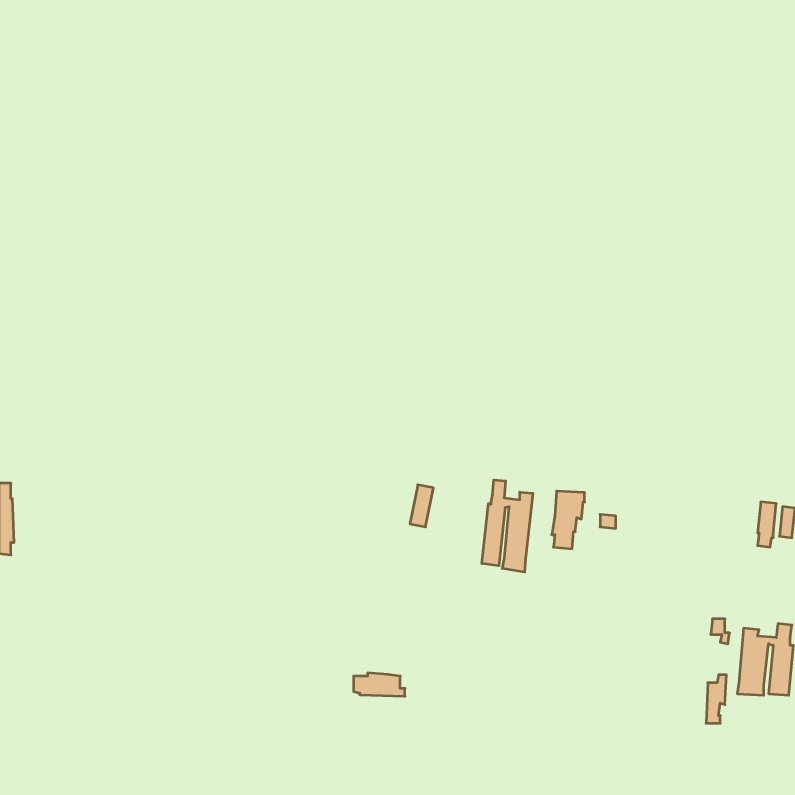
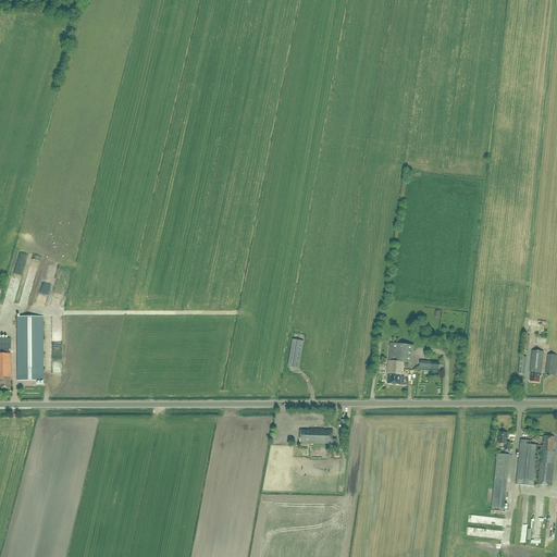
building: none -> [15,315,42,374]
building: [482,480,533,572] -> none
building: [354,673,405,696] -> [299,428,335,444]

